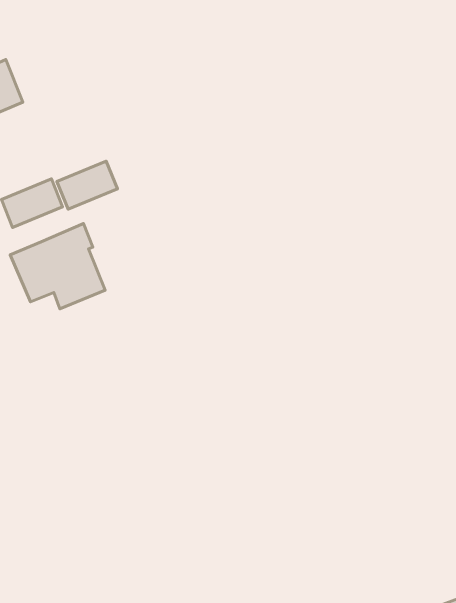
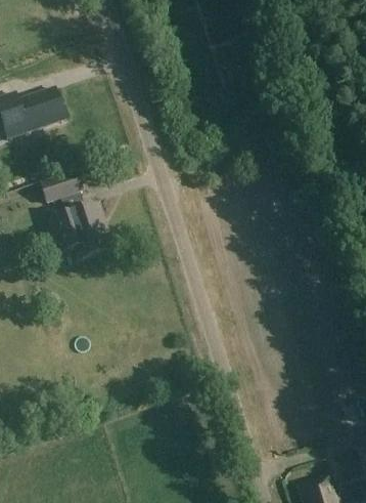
building: [57,161,118,209] -> none

